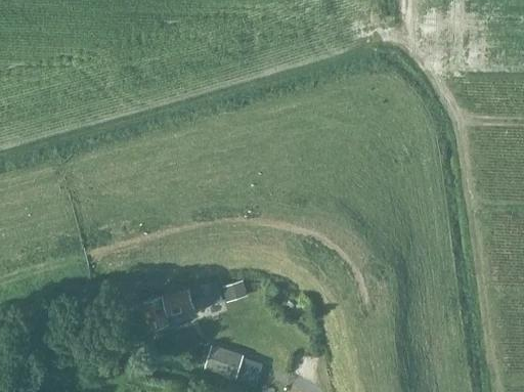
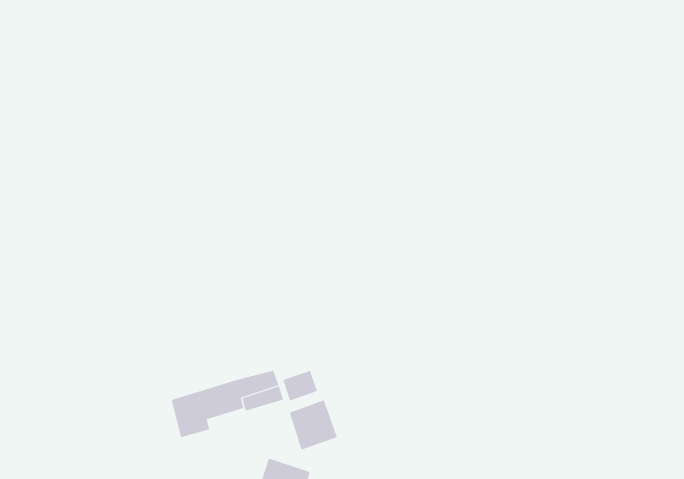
building: none -> [289,399,338,450]

